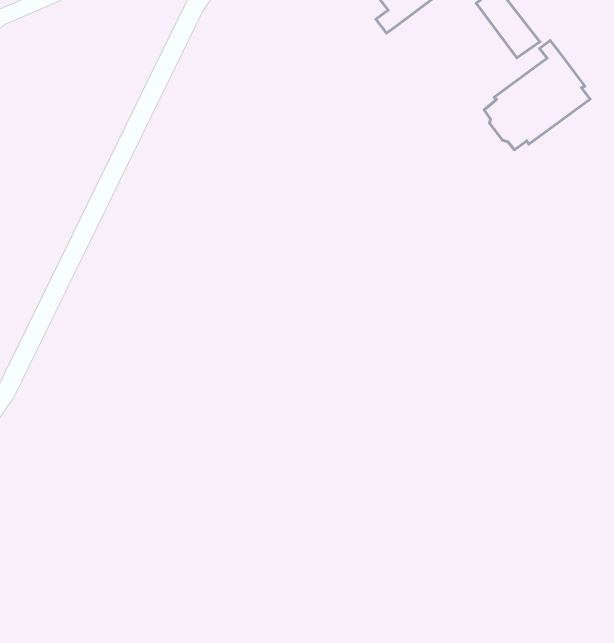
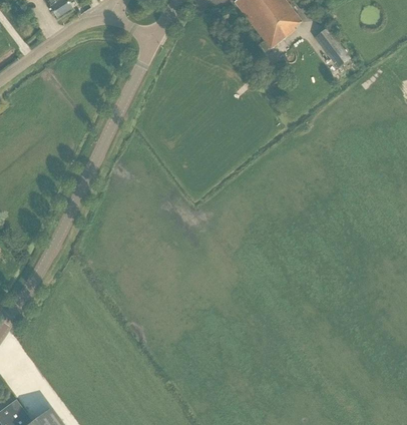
building: [484,40,590,150] -> none

